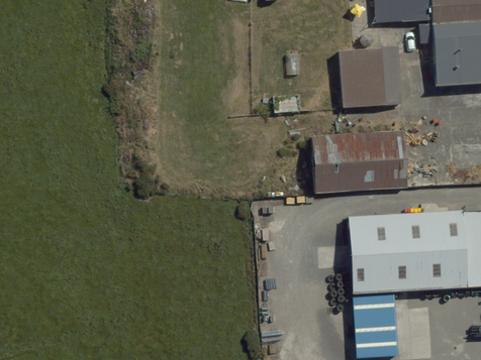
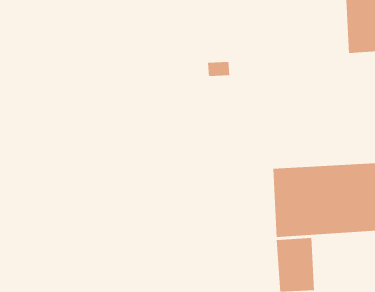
building: [339,47,402,108] -> none
building: [311,130,408,194] -> none

